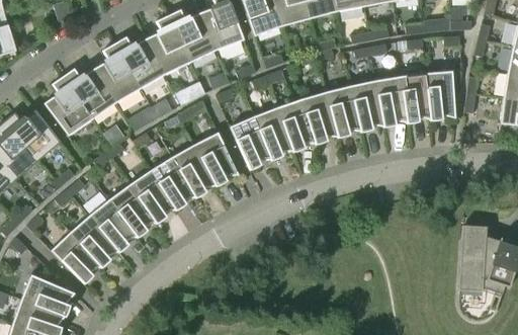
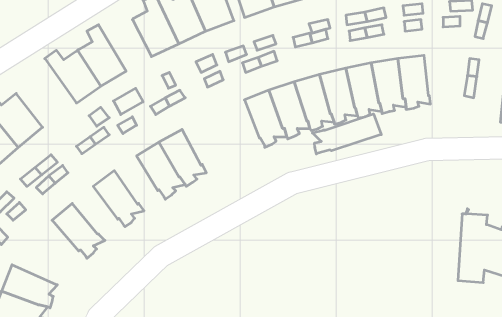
building: [114,36,165,88] -> none
building: [426,71,455,121] -> none
building: [44,76,93,136] -> none
building: [230,115,273,170] -> none
building: none -> [312,114,381,154]
building: [194,132,239,186] -> none
building: [130,169,177,224] -> none
building: [89,198,139,252] -> none
building: [51,231,102,283] -> none

